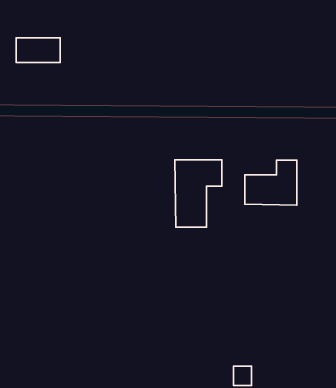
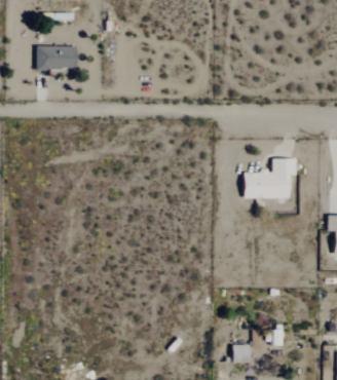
building: [175,160,222,227] -> none

